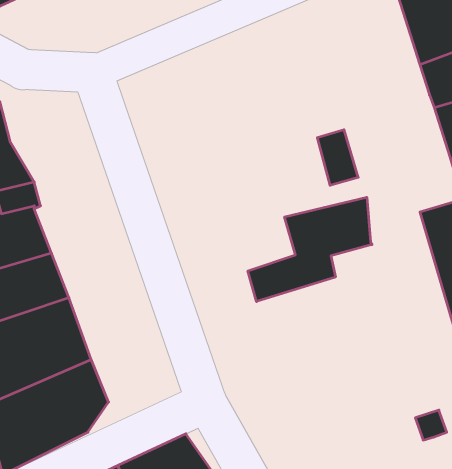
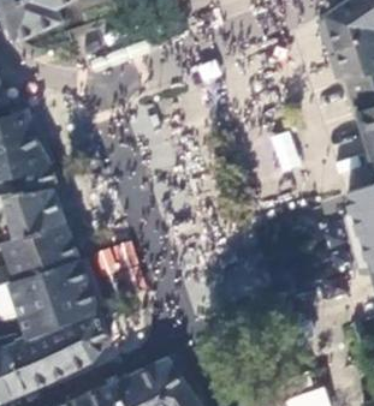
building: [248,197,372,302] -> none

